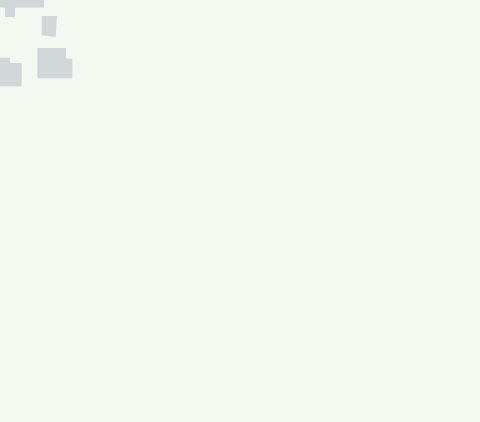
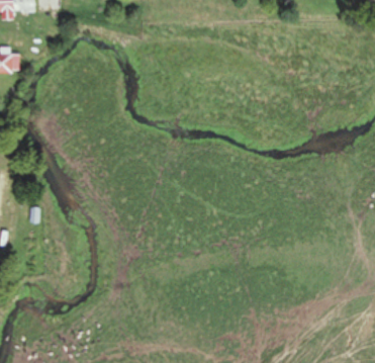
building: [37,47,73,79] -> none

